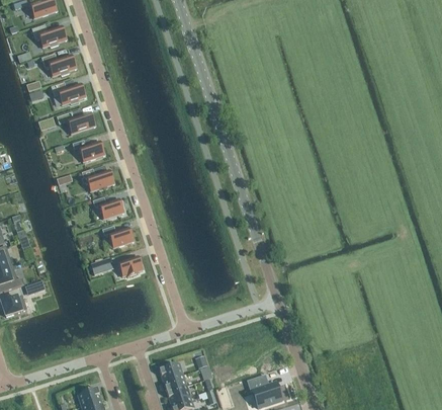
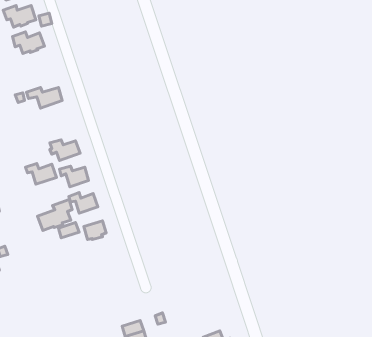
building: [51,81,86,104] -> none
building: [72,139,105,161] -> [26,163,57,184]
building: none -> [38,200,72,231]

